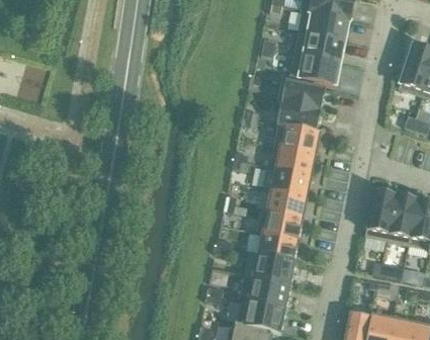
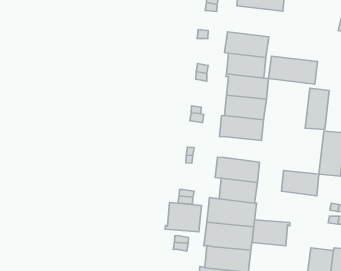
building: [289,53,342,86] -> [269,56,318,84]
building: none -> [305,88,329,130]
building: [267,188,308,218] -> [282,171,319,196]
building: none -> [165,203,202,232]
building: none -> [252,220,290,246]

